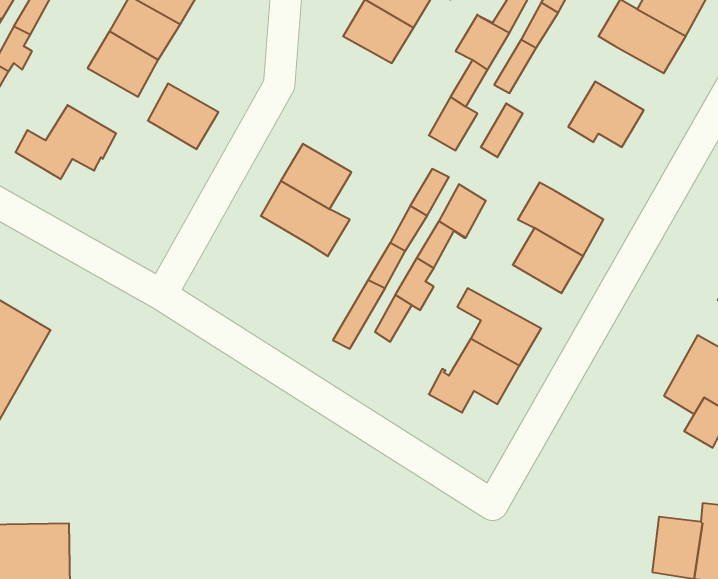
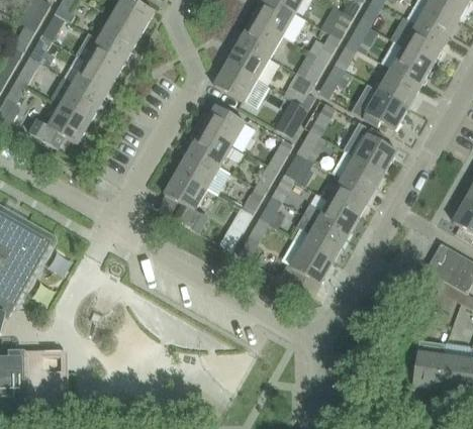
building: none -> [214,62,257,101]
building: none -> [379,68,420,106]
building: [148,83,218,149] -> [62,81,104,120]
building: none -> [203,104,246,143]
building: none -> [297,128,326,160]
building: none -> [355,132,397,172]
building: none -> [165,170,207,230]
building: none -> [302,199,359,237]

